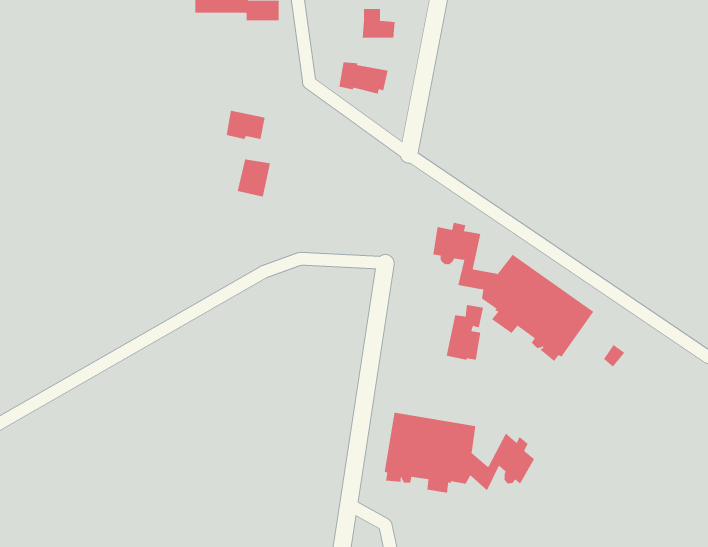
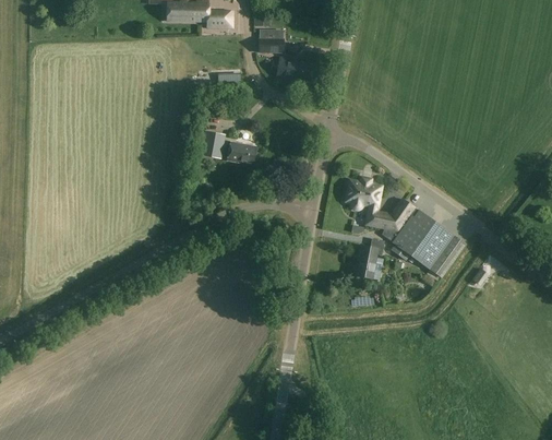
building: [362,9,395,38] -> [257,28,283,50]
building: [226,110,265,139] -> [226,140,255,162]
building: [384,412,535,493] -> none

